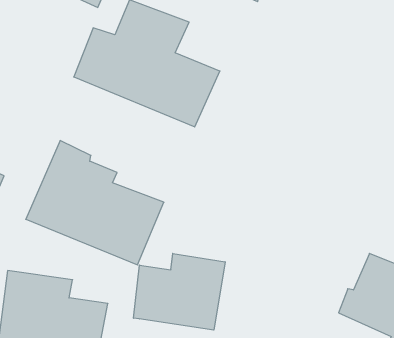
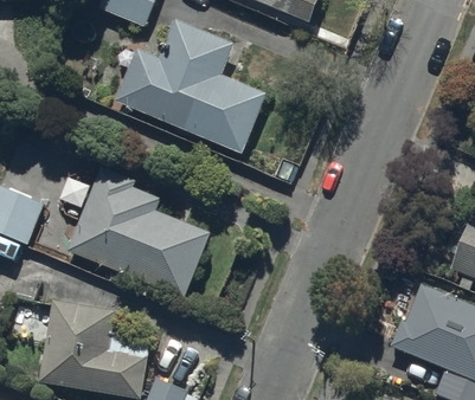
building: [134,253,225,330] -> none

